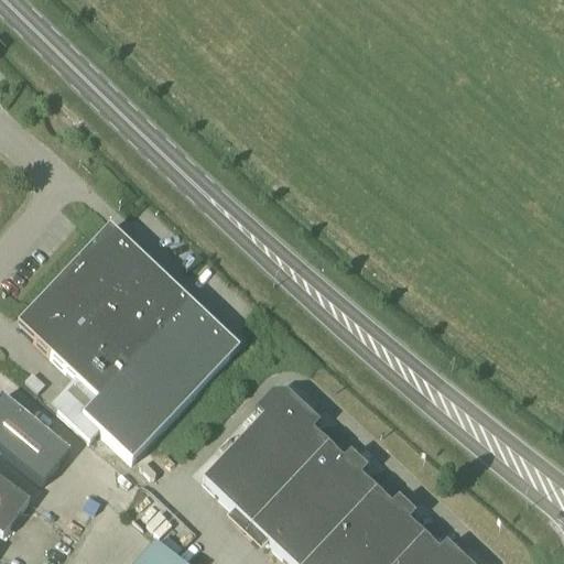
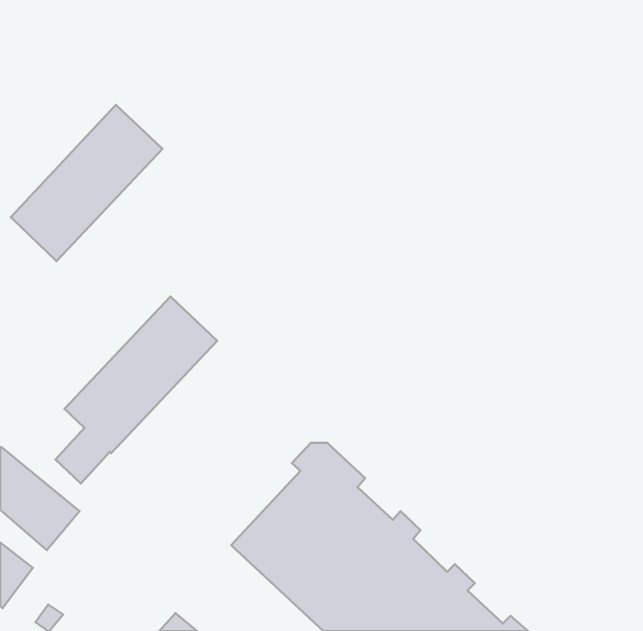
building: [19,220,151,357] -> [11,105,162,261]
building: [73,297,240,457] -> none

